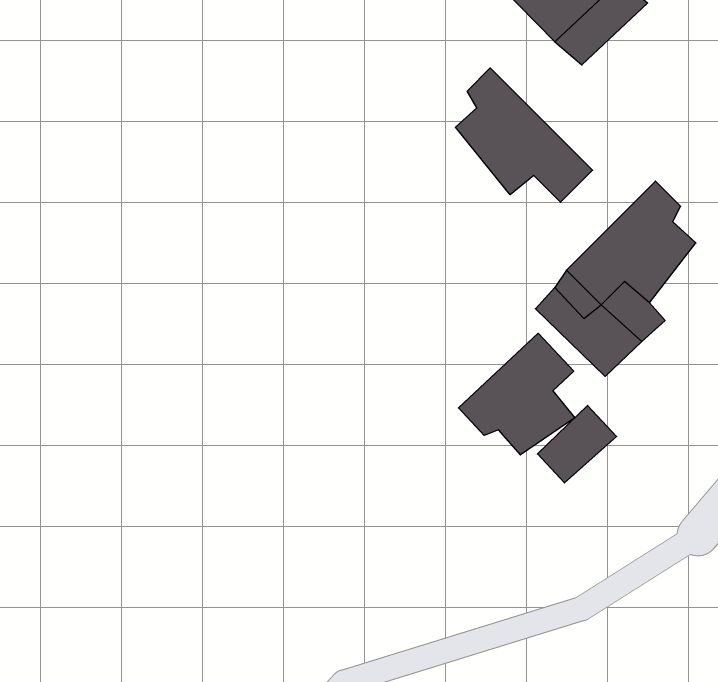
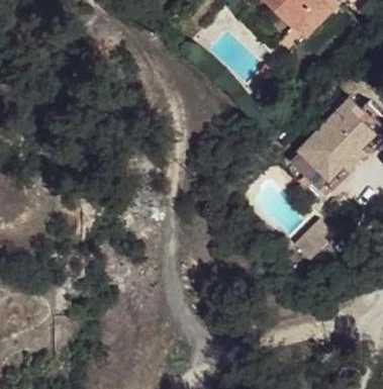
building: [455,68,593,202] -> none
building: [458,333,575,455] -> none

